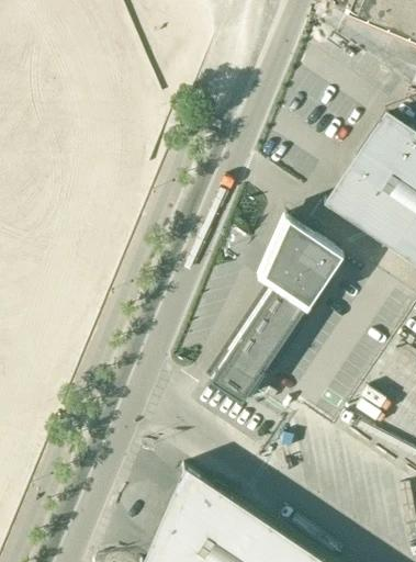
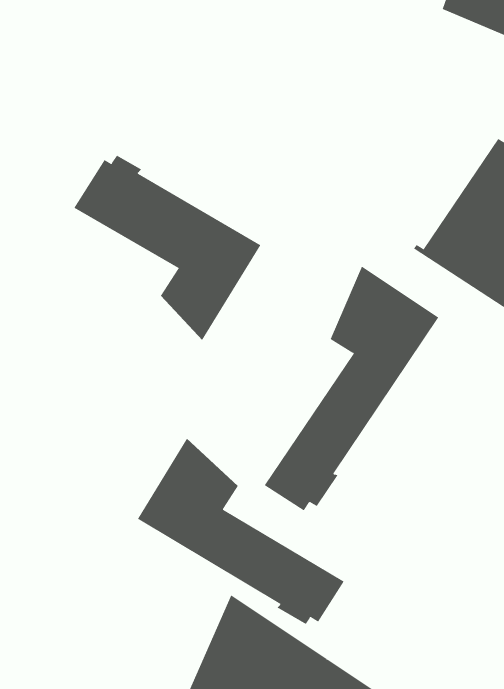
building: none -> [74,155,261,341]
building: none -> [137,438,344,625]

